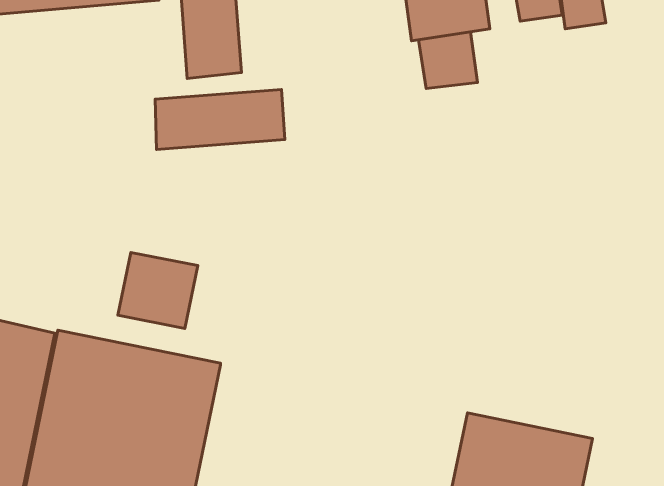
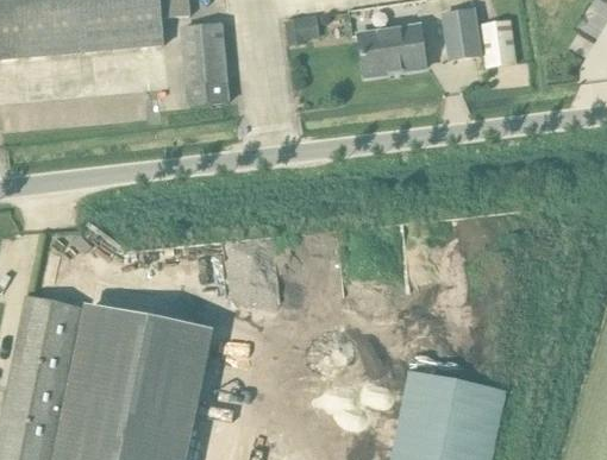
building: [418,32,477,88] -> none
building: [155,89,285,149] -> none
building: [118,252,198,328] -> none

